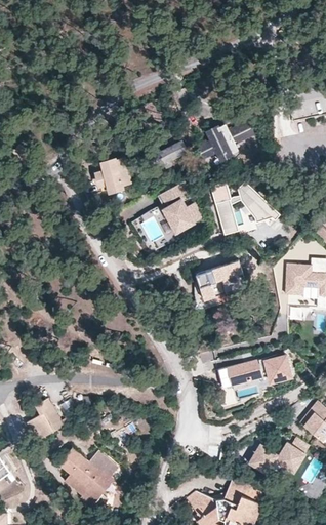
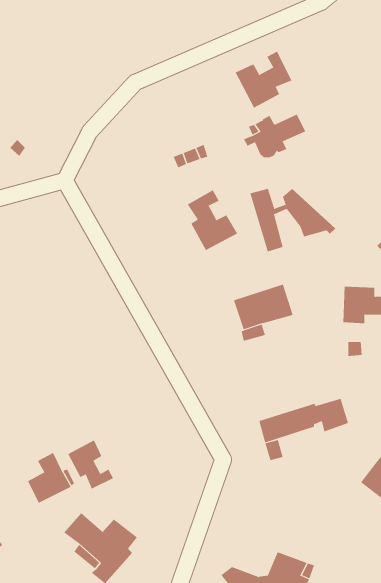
building: none -> [235,51,292,108]
building: [92,157,126,191] -> none
building: none -> [67,439,114,490]
building: [247,442,303,474] -> none

